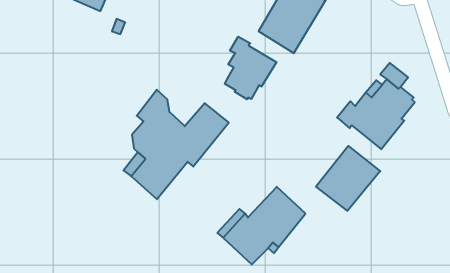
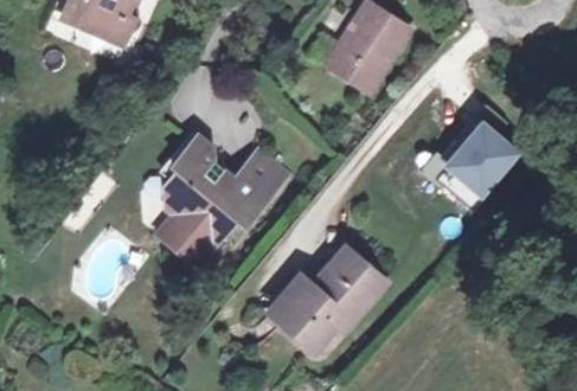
building: [225,37,276,99] -> none
building: [316,146,380,211] -> none

